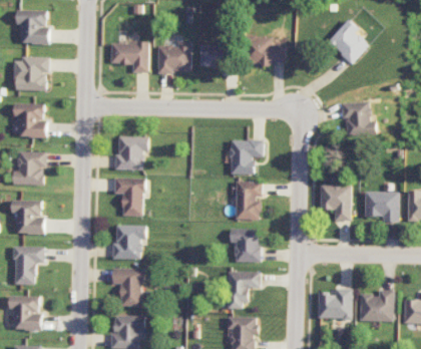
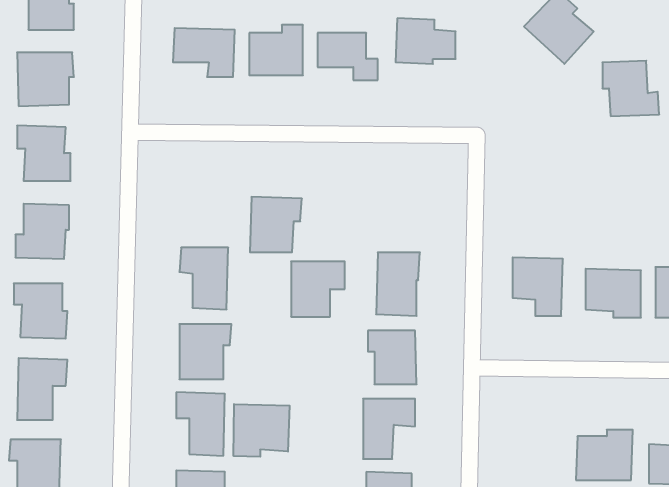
building: [341,101,376,135] -> [602,61,659,116]
building: [115,135,147,169] -> [250,197,302,252]
building: [230,139,263,173] -> [291,261,345,317]
building: none -> [234,404,290,457]
building: [317,288,351,318] -> none

